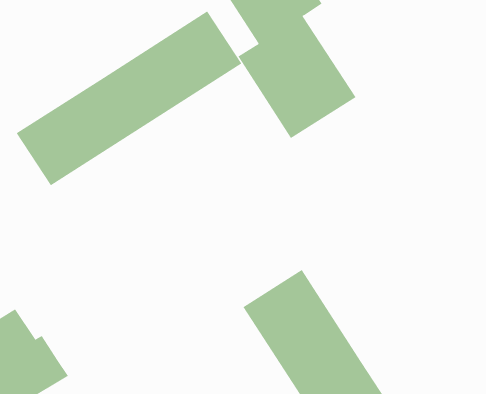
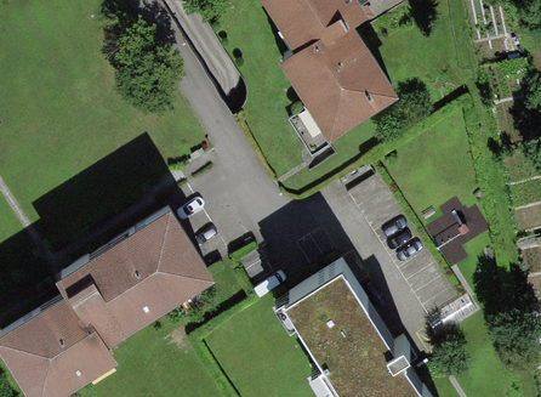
building: [16,10,242,186] -> none
building: none -> [56,214,215,351]

